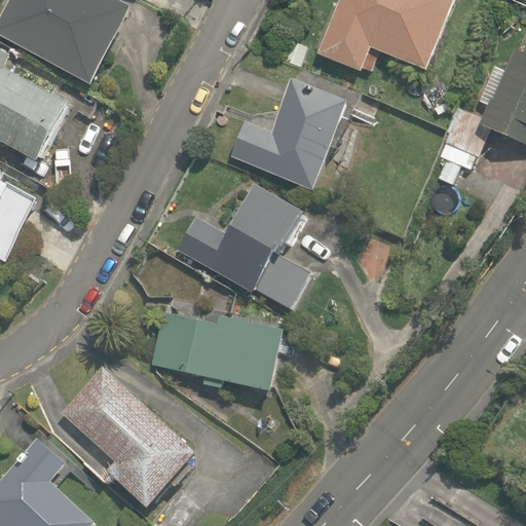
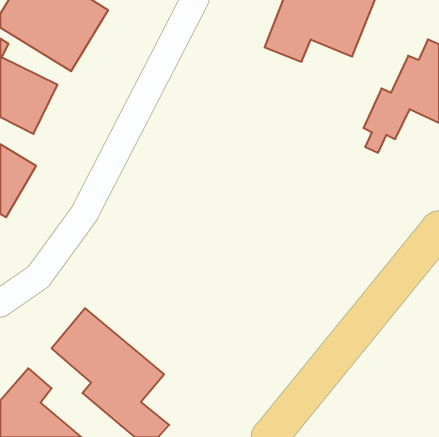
building: [232,80,354,193] -> none
building: [175,184,318,316] -> none
building: [152,303,281,389] -> none

